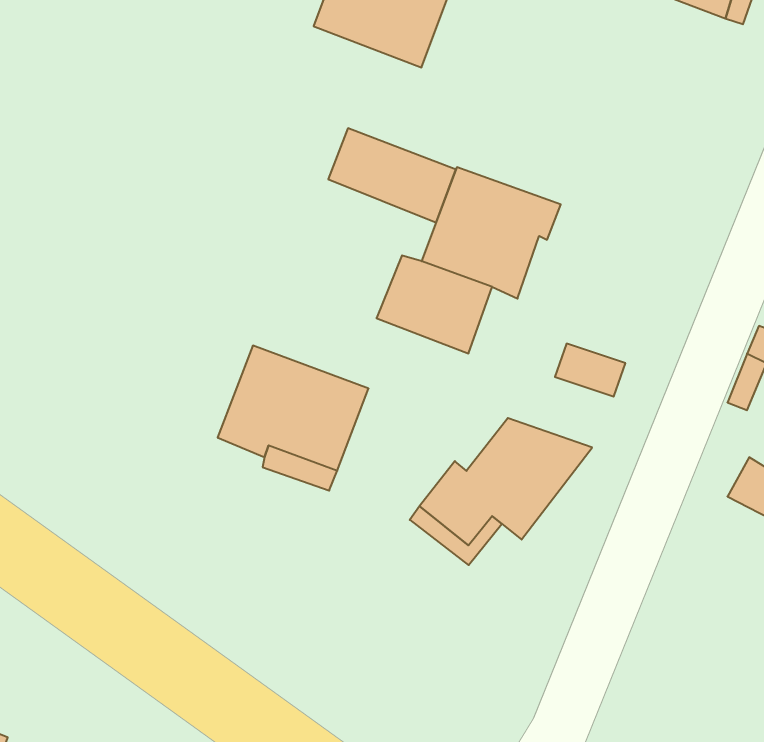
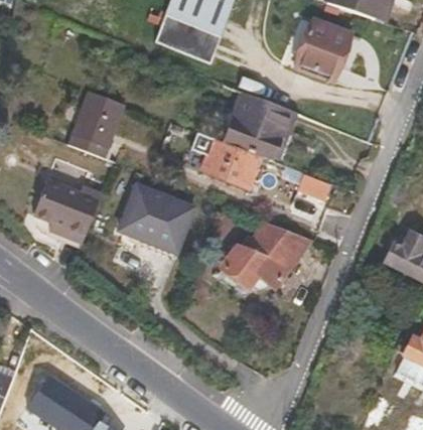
building: none -> [299,11,358,76]
building: [328,128,456,222] -> [157,17,223,65]
building: none -> [66,90,121,157]
building: none -> [34,180,100,242]

